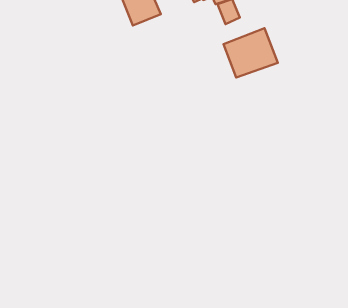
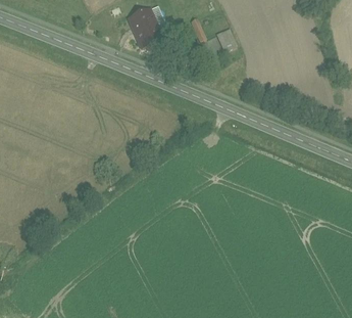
building: [224,28,278,78] -> none

